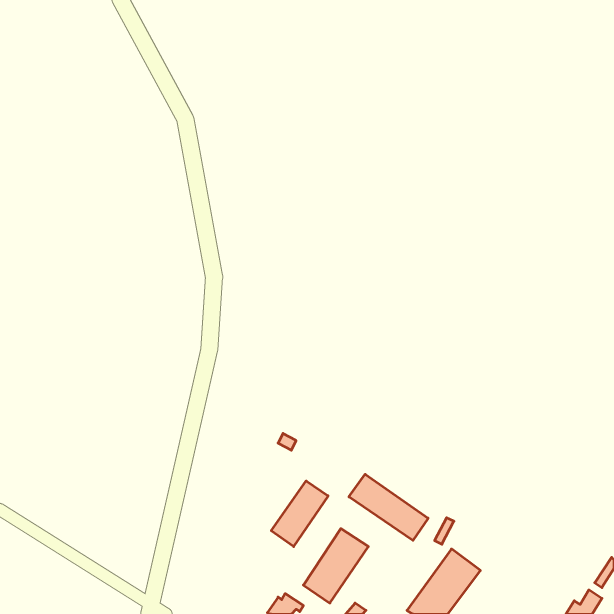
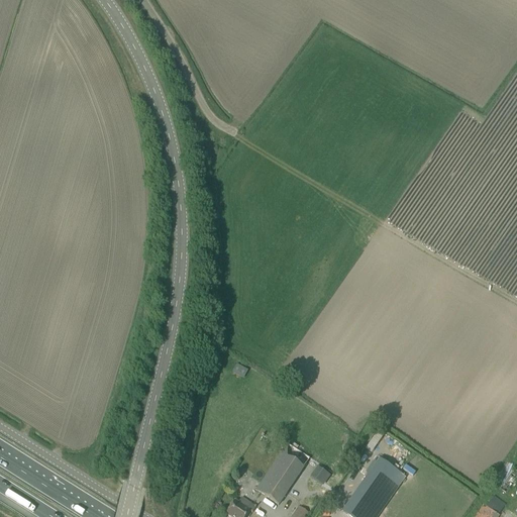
building: [349,474,428,540] -> none
building: [271,481,328,547] -> none

